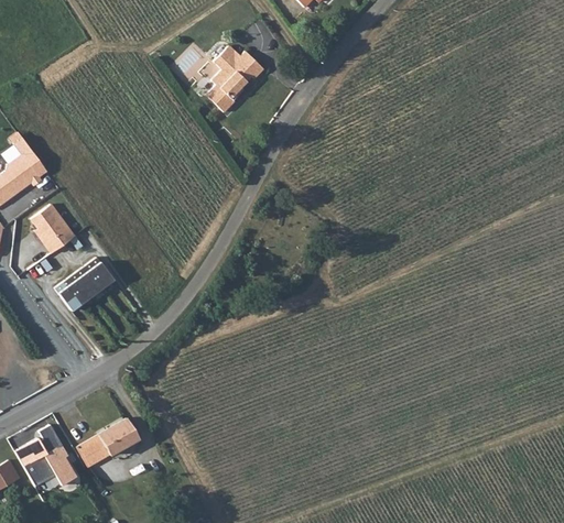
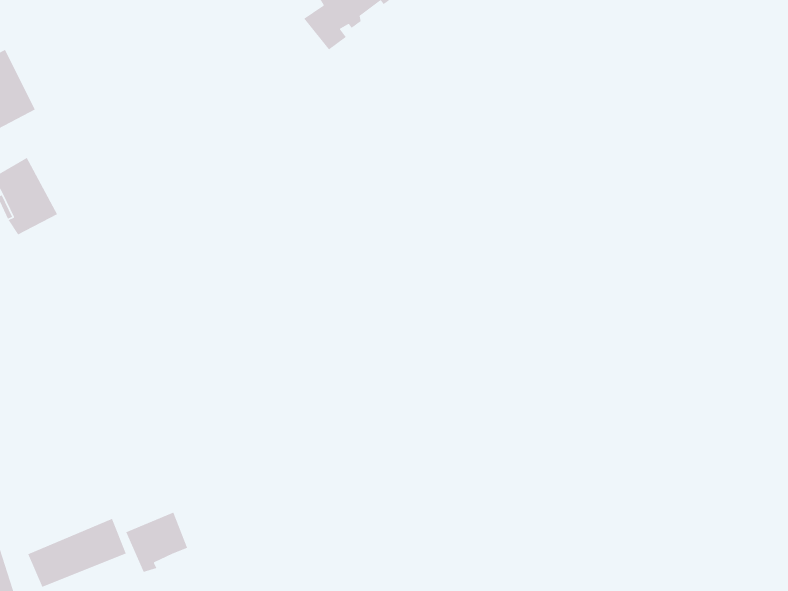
building: [51,257,109,309] -> none
building: none -> [125,512,188,573]

